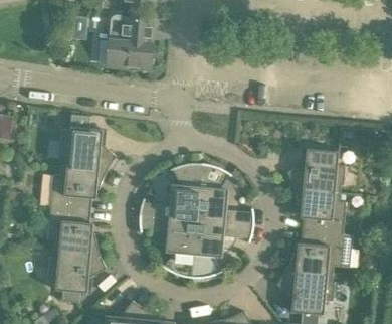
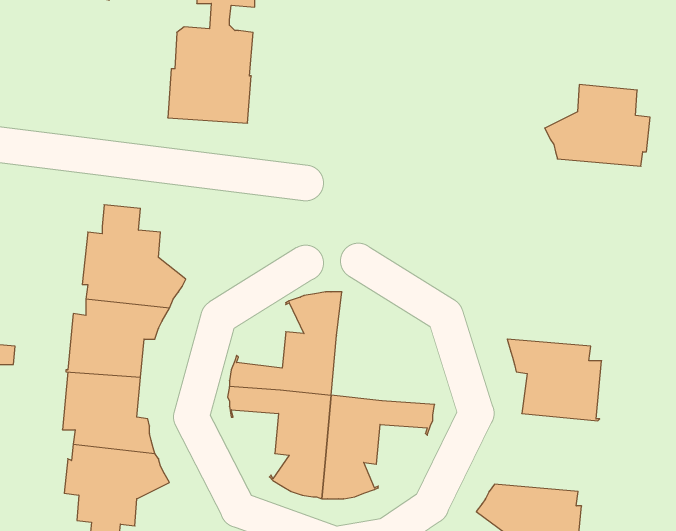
building: [285,147,344,192] -> [545,85,650,166]
building: [195,162,252,224] -> none
building: [285,229,351,273] -> none

